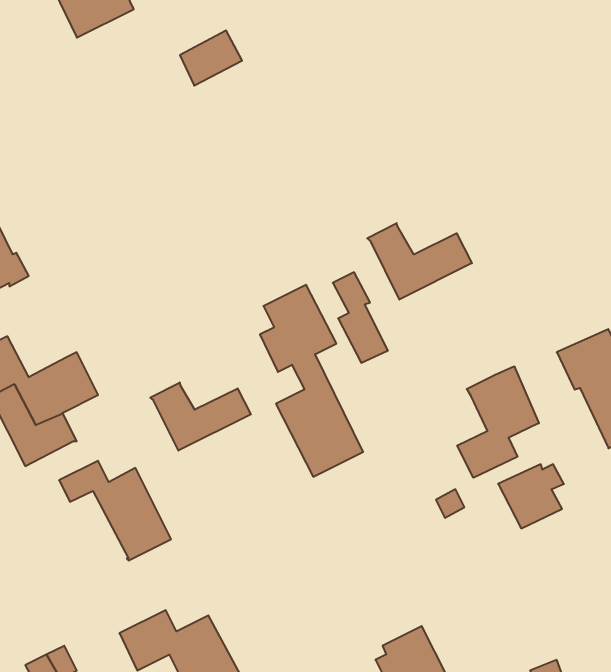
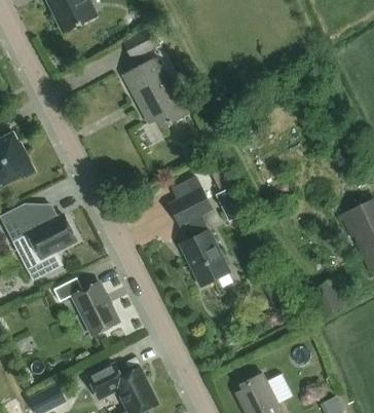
building: none -> [124,58,188,127]
building: [367,223,472,300] -> none
building: [457,366,539,478] -> none
building: [150,382,251,451] -> none

